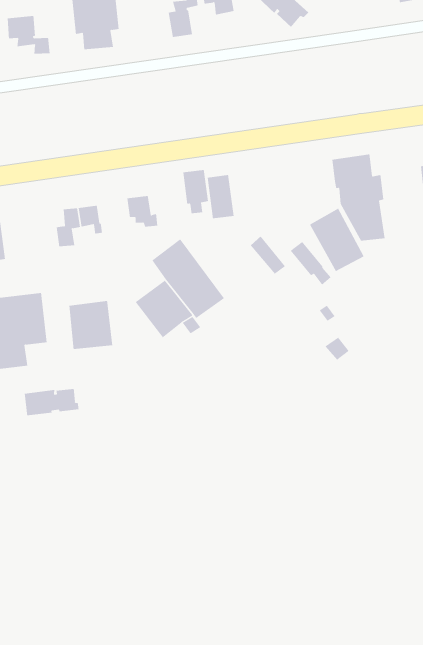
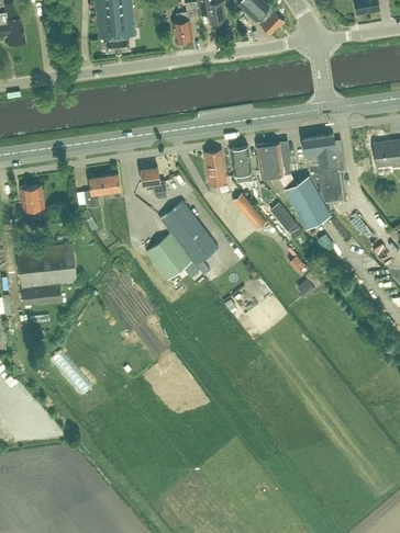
building: [7,15,50,55] -> none
building: none -> [256,143,290,179]
building: [182,169,209,214] -> [230,147,251,182]
building: [69,300,113,350] -> none
building: [24,388,79,416] -> none

